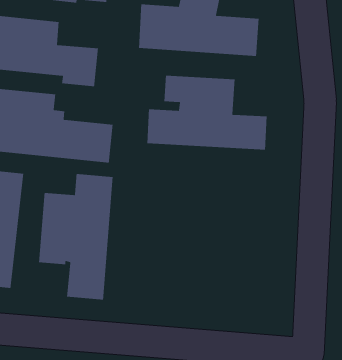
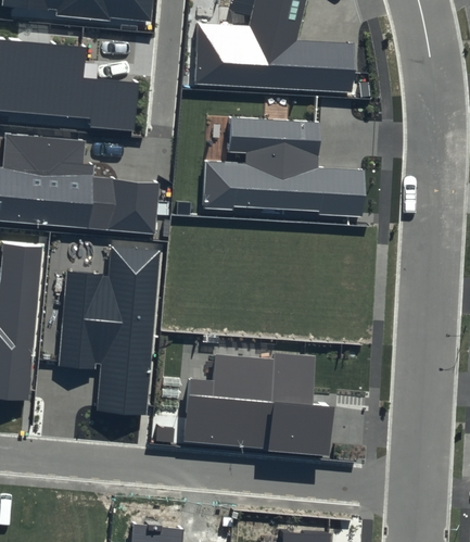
building: none -> [183,353,334,457]

